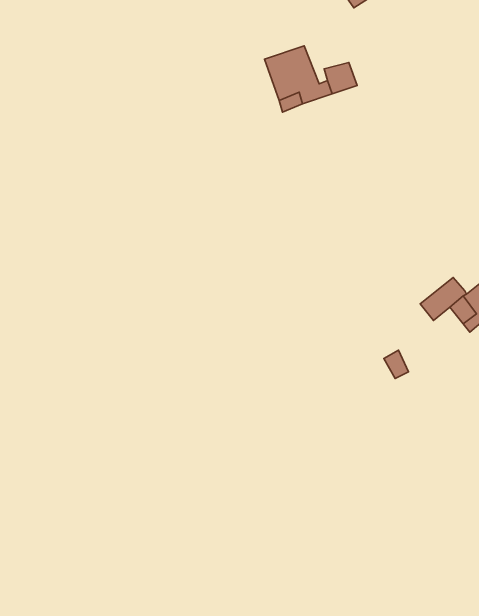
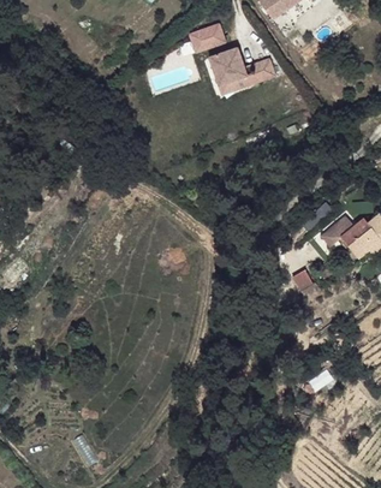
building: none -> [187,22,227,53]

